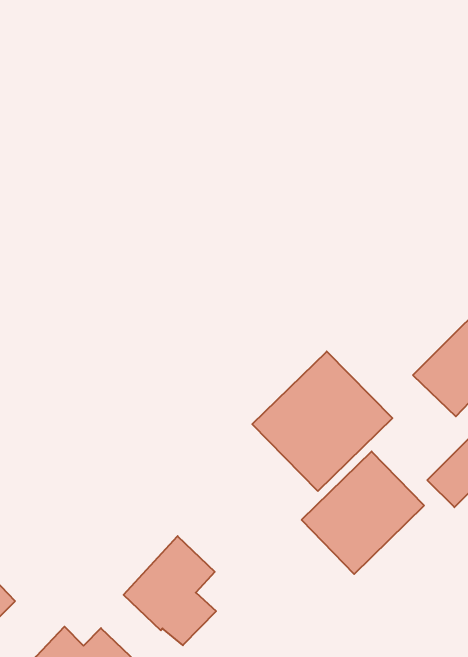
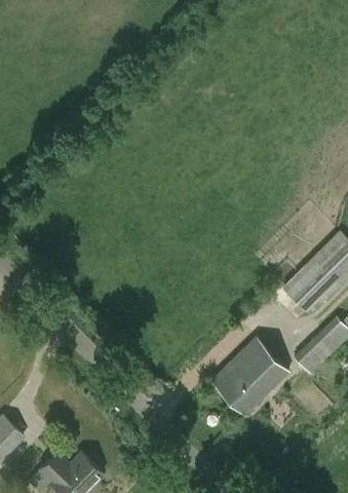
building: [252,351,392,491] -> none
building: [124,536,216,645] -> none

